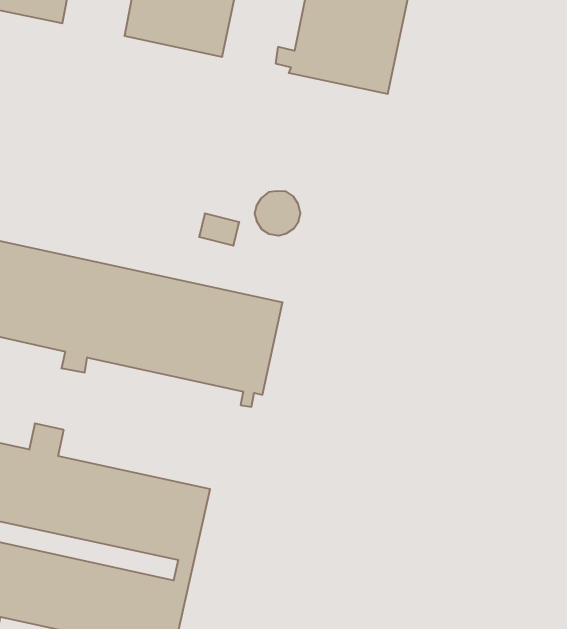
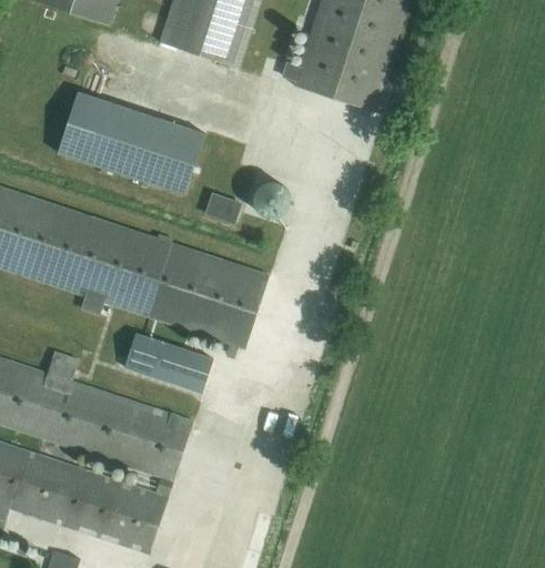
building: none -> [58,91,204,194]
building: none -> [125,333,212,393]

